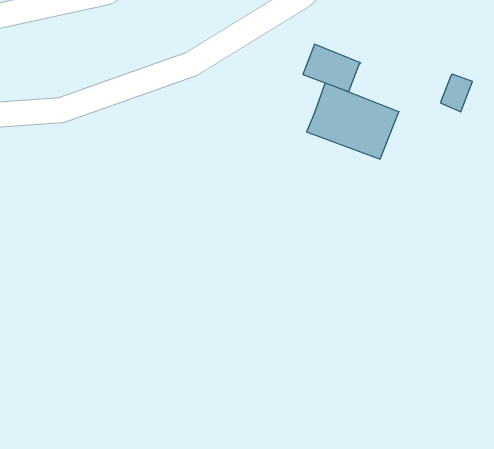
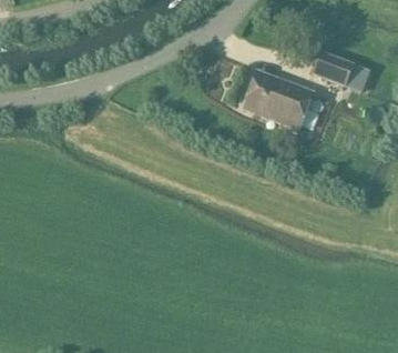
building: [303,44,361,92] -> [312,48,356,84]

